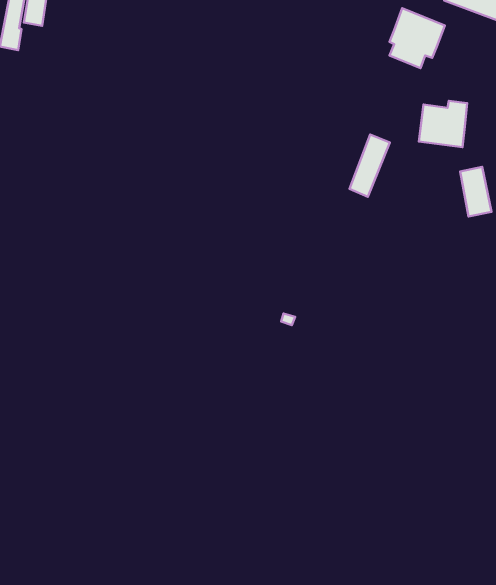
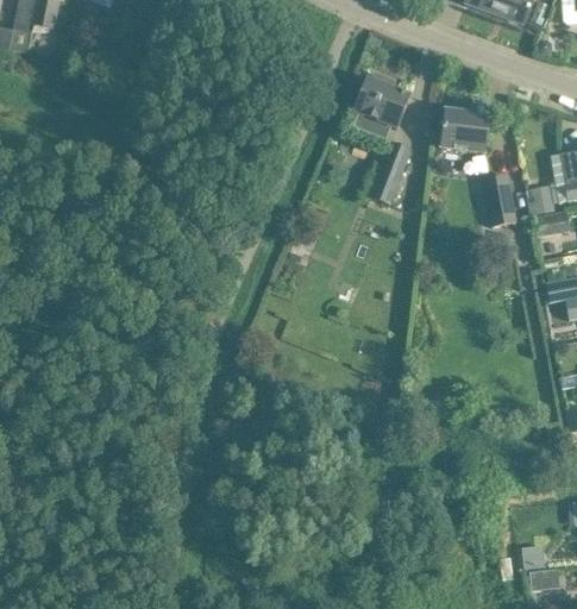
building: [389,8,445,68] -> [355,76,412,138]

